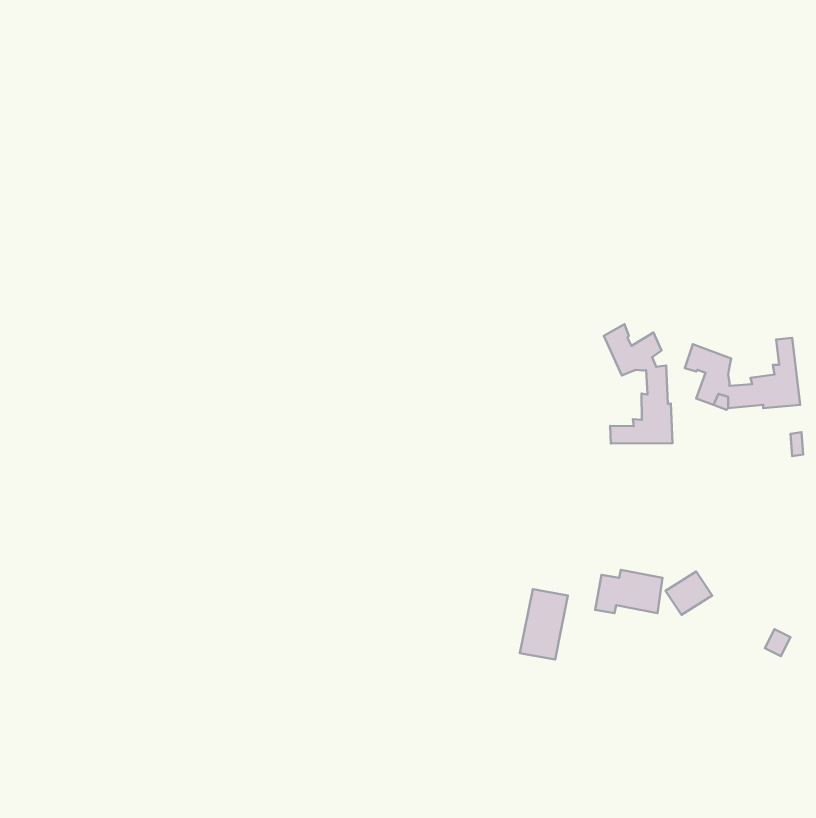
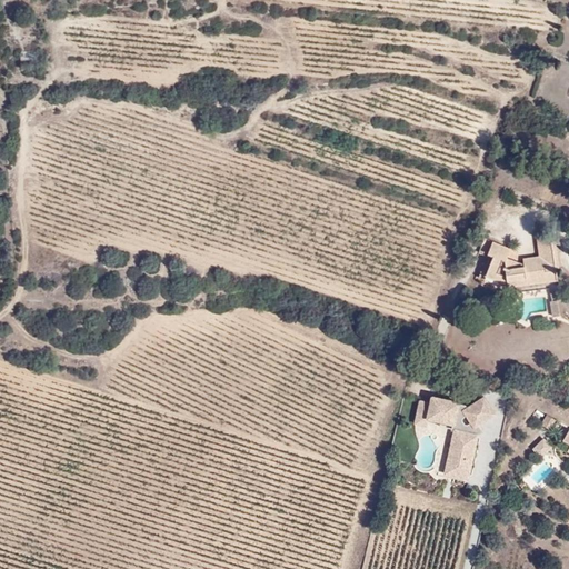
building: [604,324,673,443] -> none
building: [520,589,568,660] -> [445,429,478,478]

